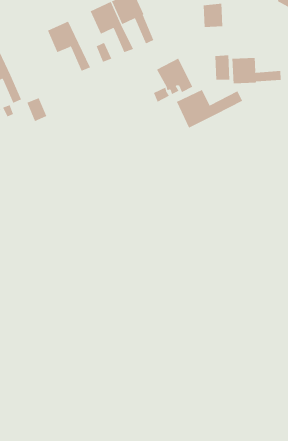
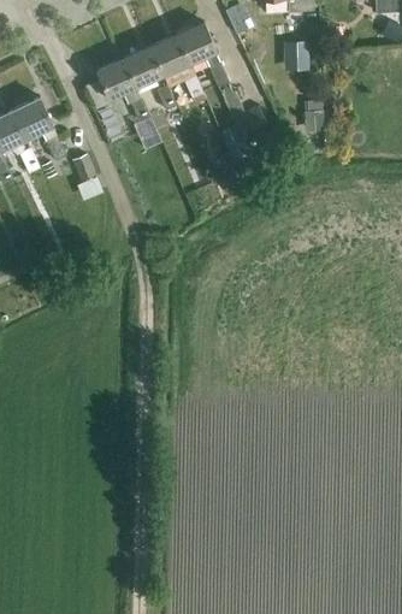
building: none -> [123,47,162,87]
building: [232,57,281,84] -> none
building: [176,89,243,129] -> none

